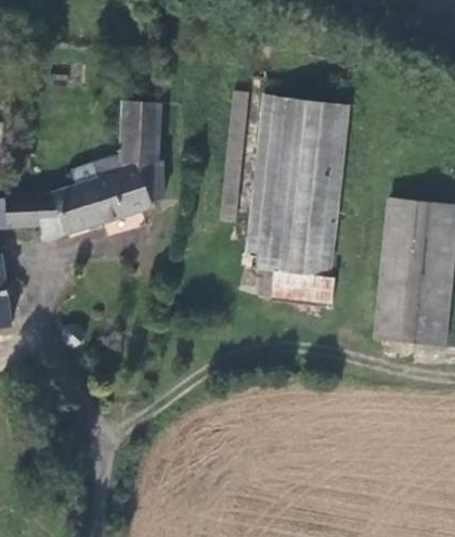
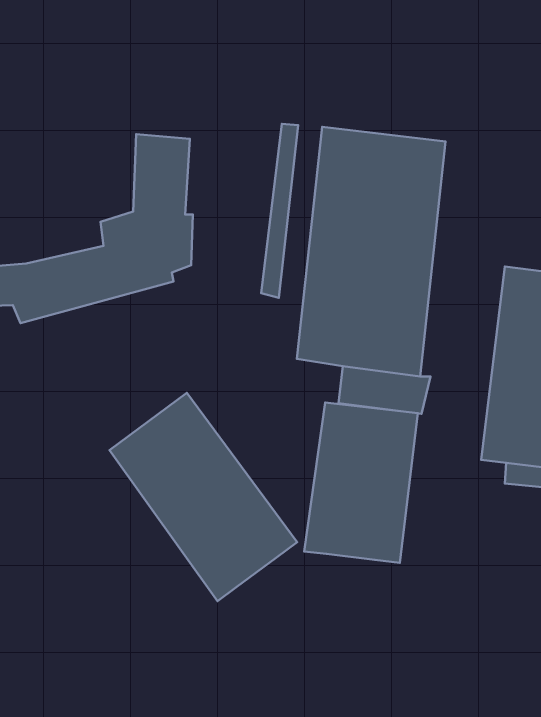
building: none -> [110,393,297,601]
building: none -> [304,402,418,563]

